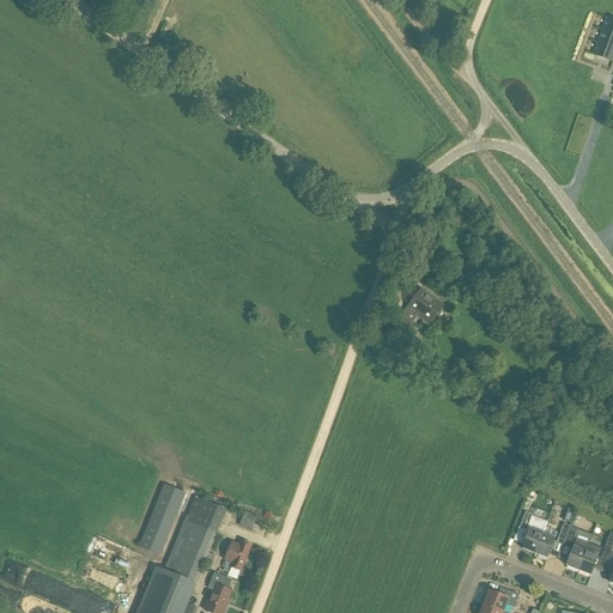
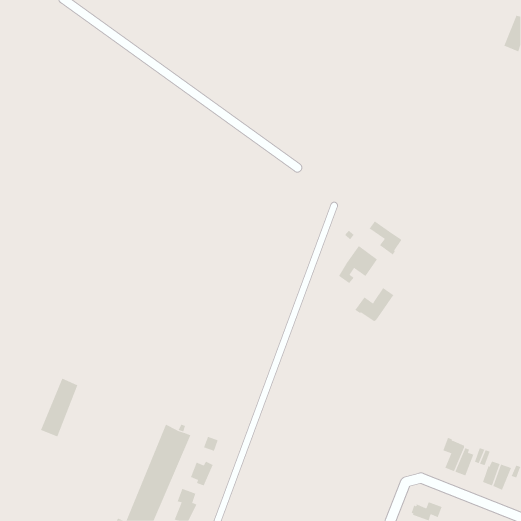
building: none -> [369,221,402,255]
building: none -> [355,287,394,322]
building: [139,485,183,554] -> [40,378,78,437]

